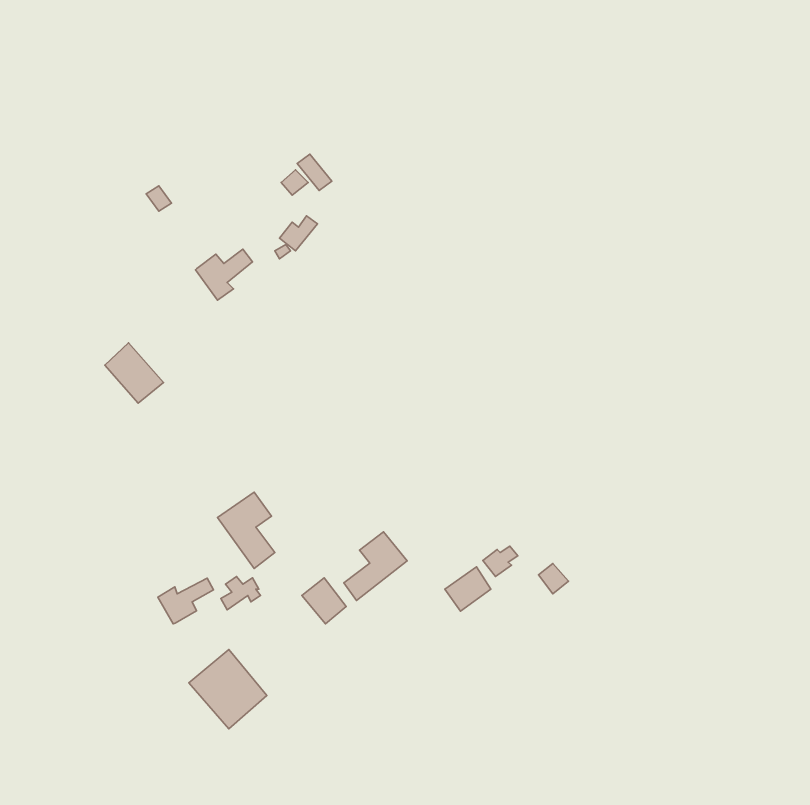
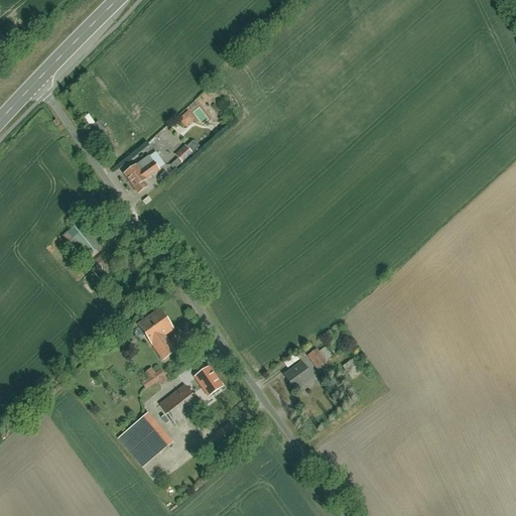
building: [344,532,407,601] -> none
building: [158,578,214,624] -> none
building: none -> [160,381,203,422]

